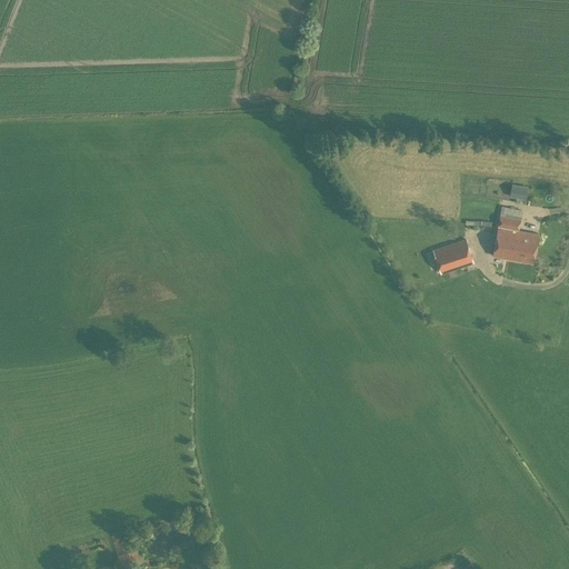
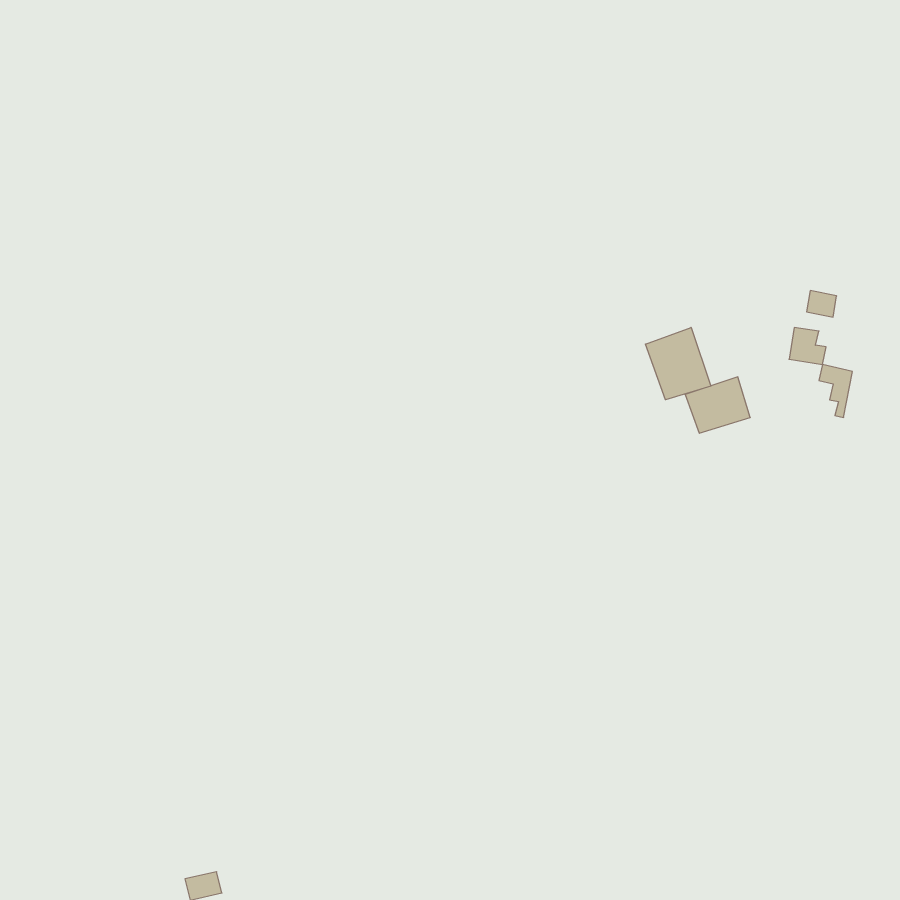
building: none -> [645,327,711,400]
building: [492,227,529,262] -> none

